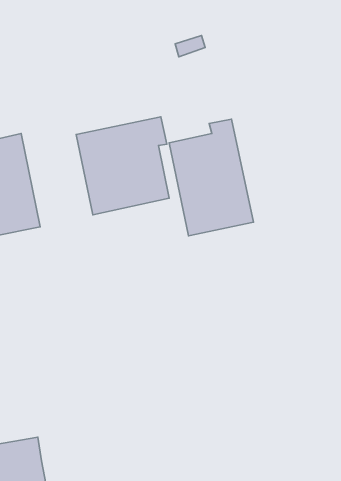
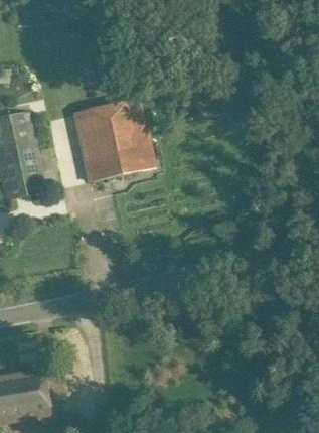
building: [169,119,253,236] -> none

